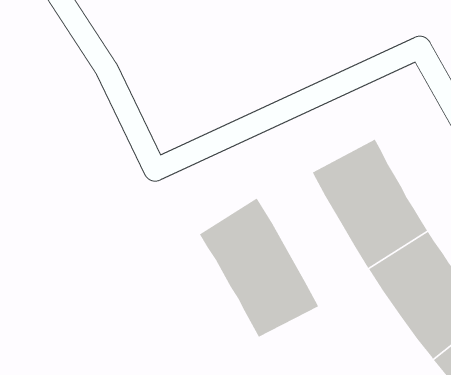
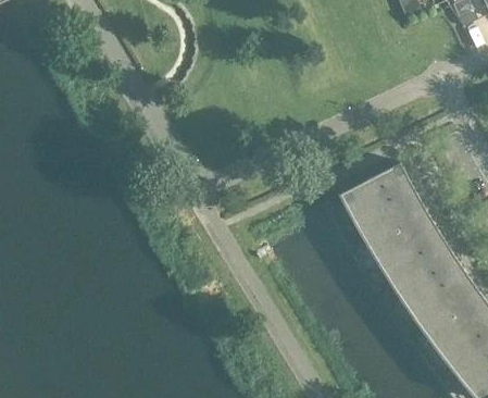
building: [199,197,319,338] -> none

